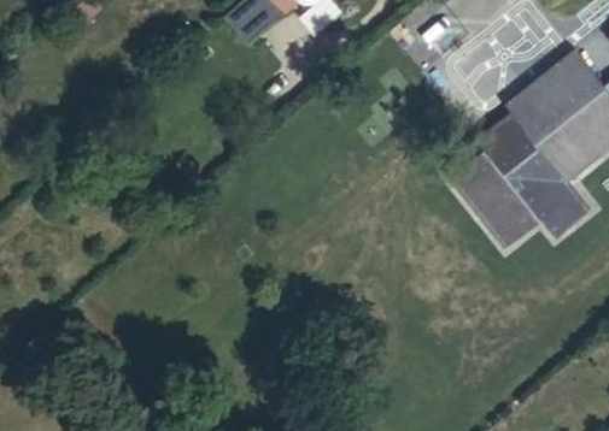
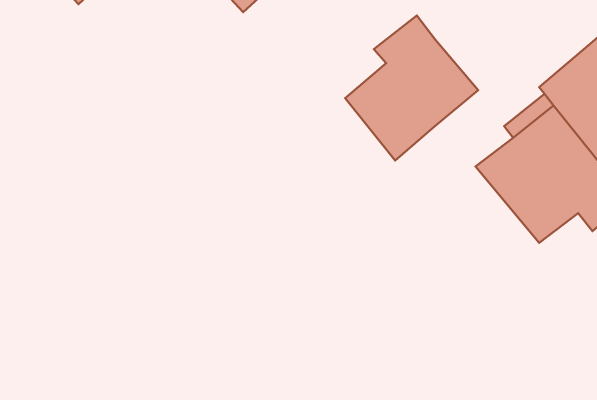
building: none -> [345,15,478,160]

